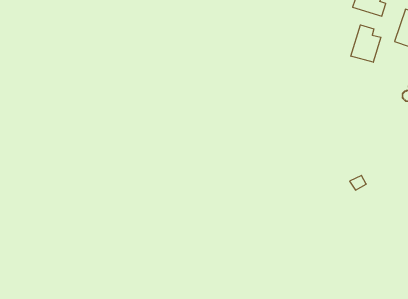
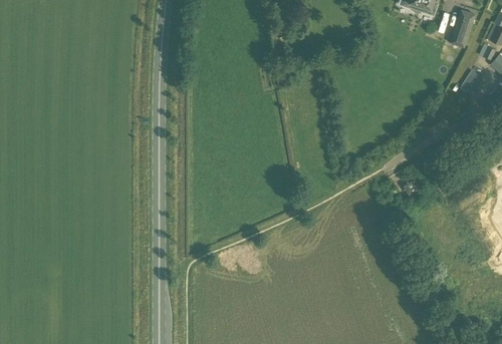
building: [351,25,381,62] -> none

